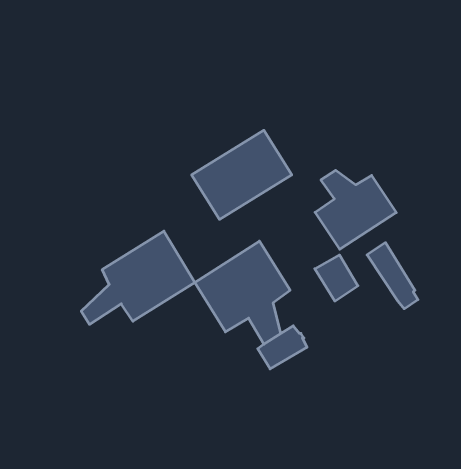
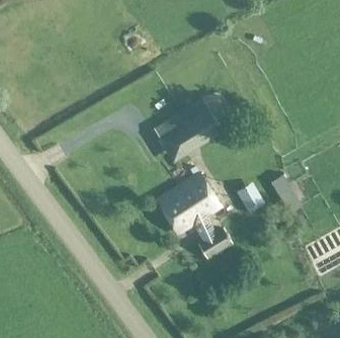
building: [315,170,396,249] -> none
building: [81,231,195,324] -> none

